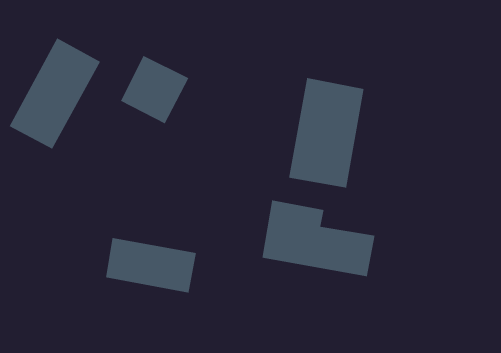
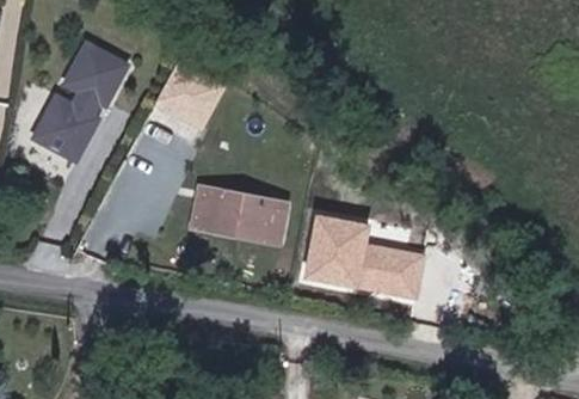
building: [288,77,365,189] -> none
building: [105,237,197,293] -> [191,185,290,246]

